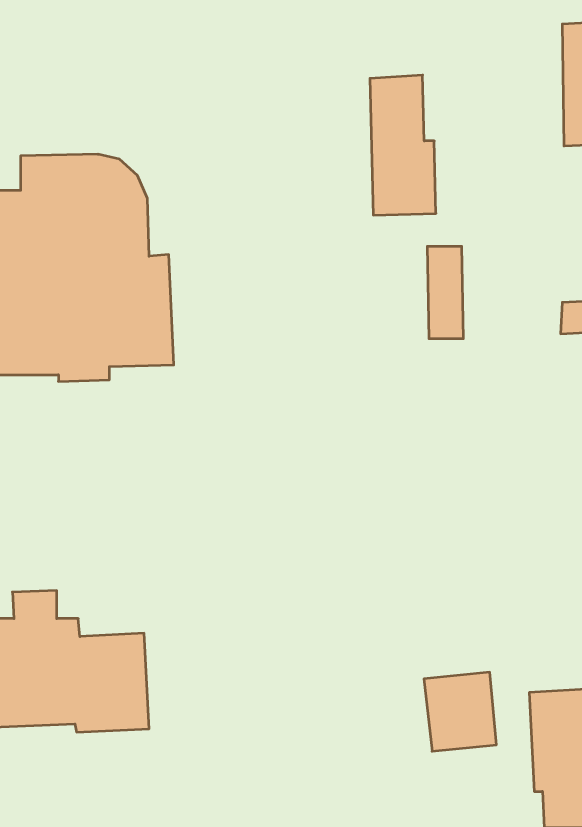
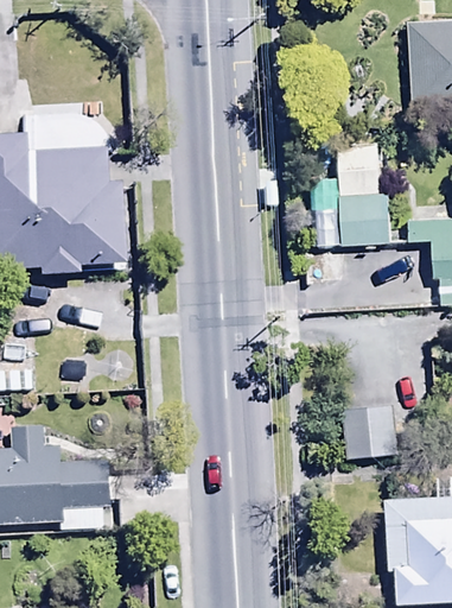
building: [370,75,436,215] -> [340,145,388,246]
building: [424,672,496,751] -> [343,404,395,461]

